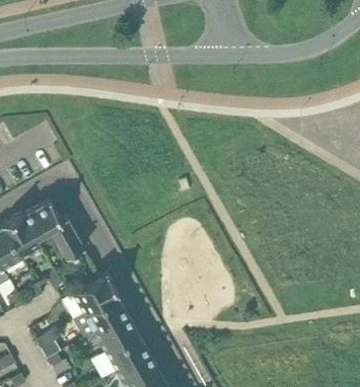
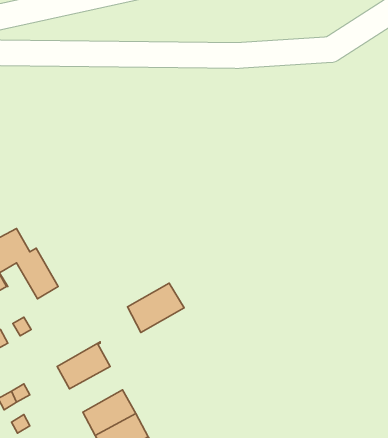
building: [71,273,118,313] -> [127,283,184,333]
building: [92,313,136,351] -> none

